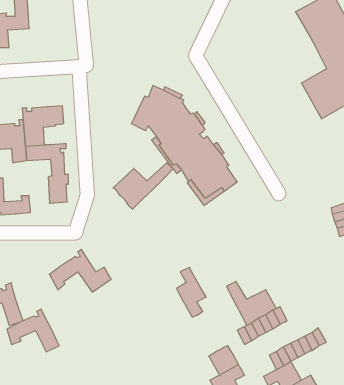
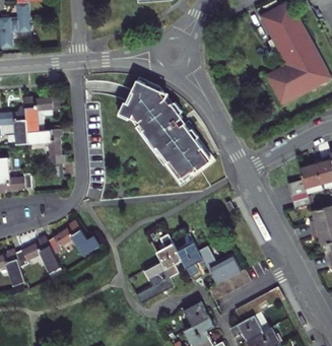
building: [113,163,173,209] -> none
building: none -> [176,244,202,278]
building: none -> [136,262,173,304]
building: [7,309,59,352] -> [15,236,60,273]

